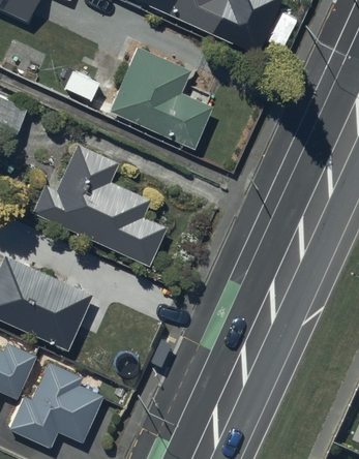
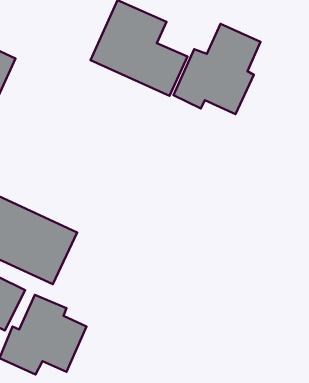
building: none -> [173,24,261,114]
building: [31,144,166,266] -> none

